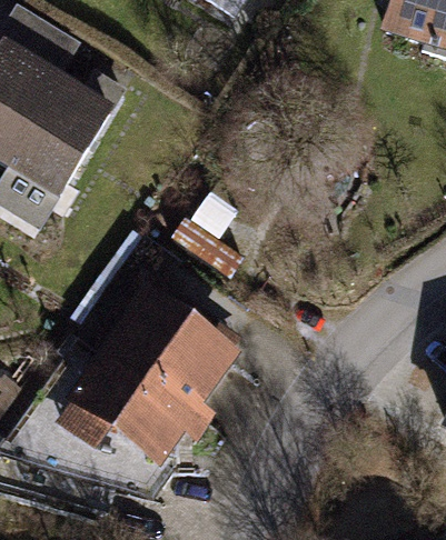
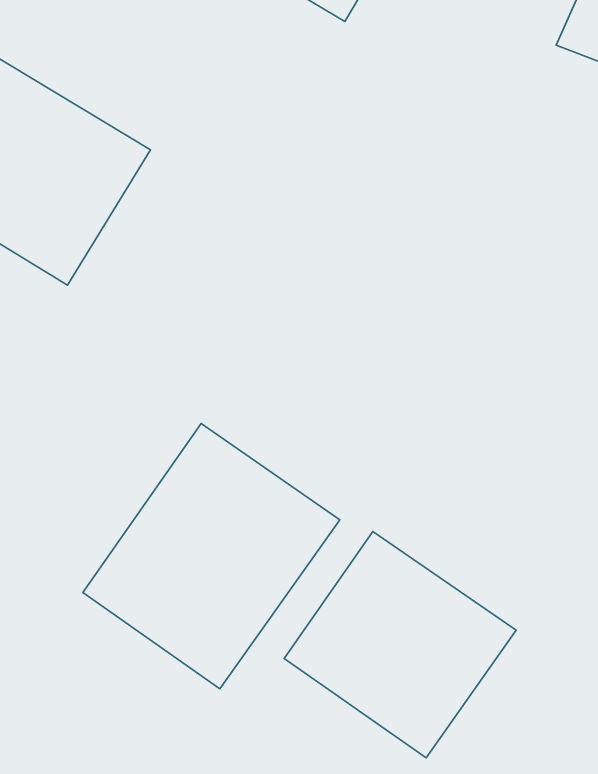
building: none -> [284,531,516,758]

